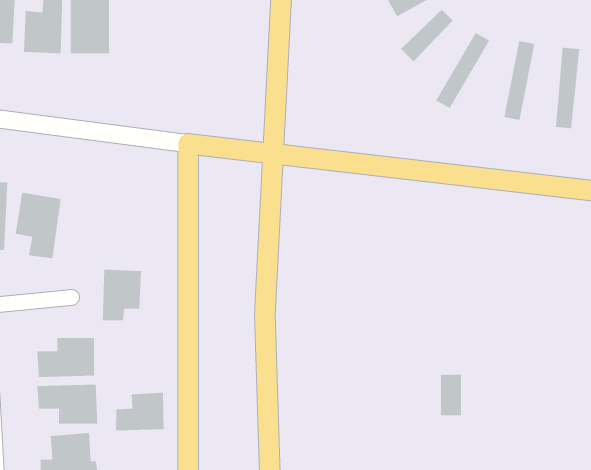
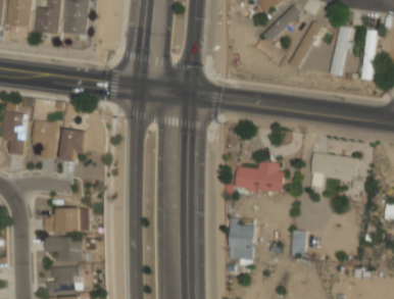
building: none -> [309,152,358,186]
building: none -> [235,160,283,192]
building: [102,269,142,321] -> [61,129,86,160]
building: none -> [228,217,253,264]
building: [116,392,164,431] -> none

